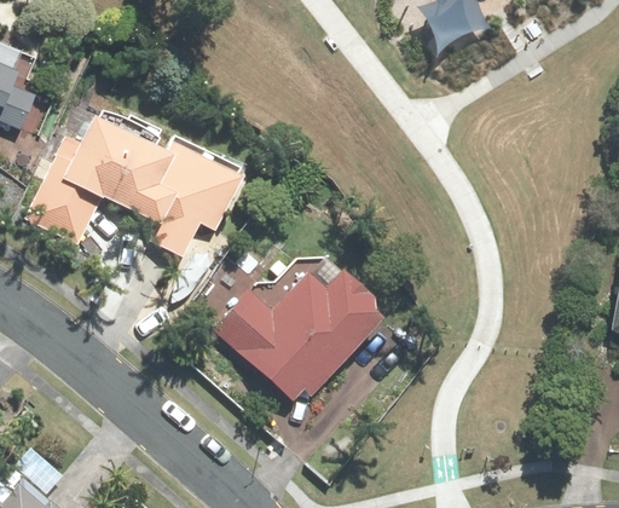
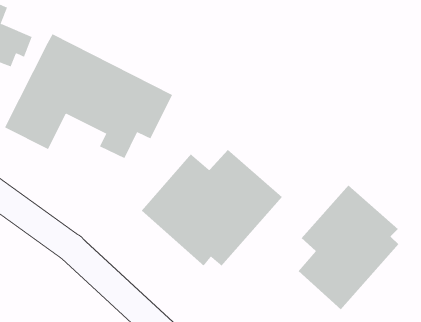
building: none -> [298,184,399,310]

